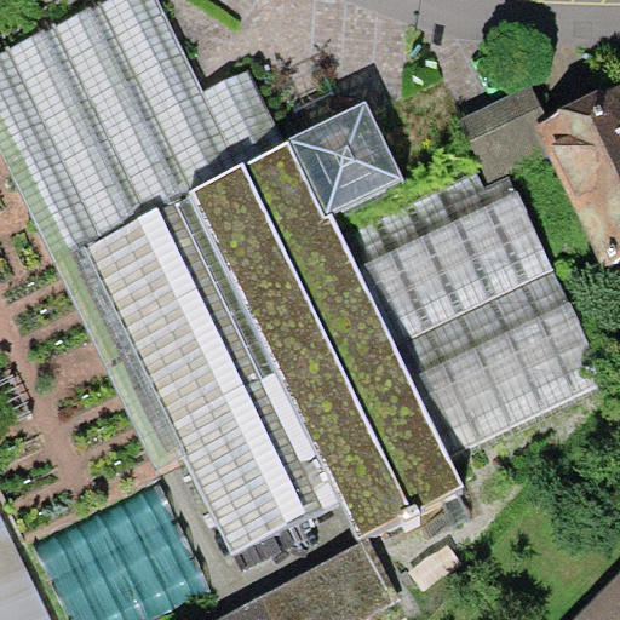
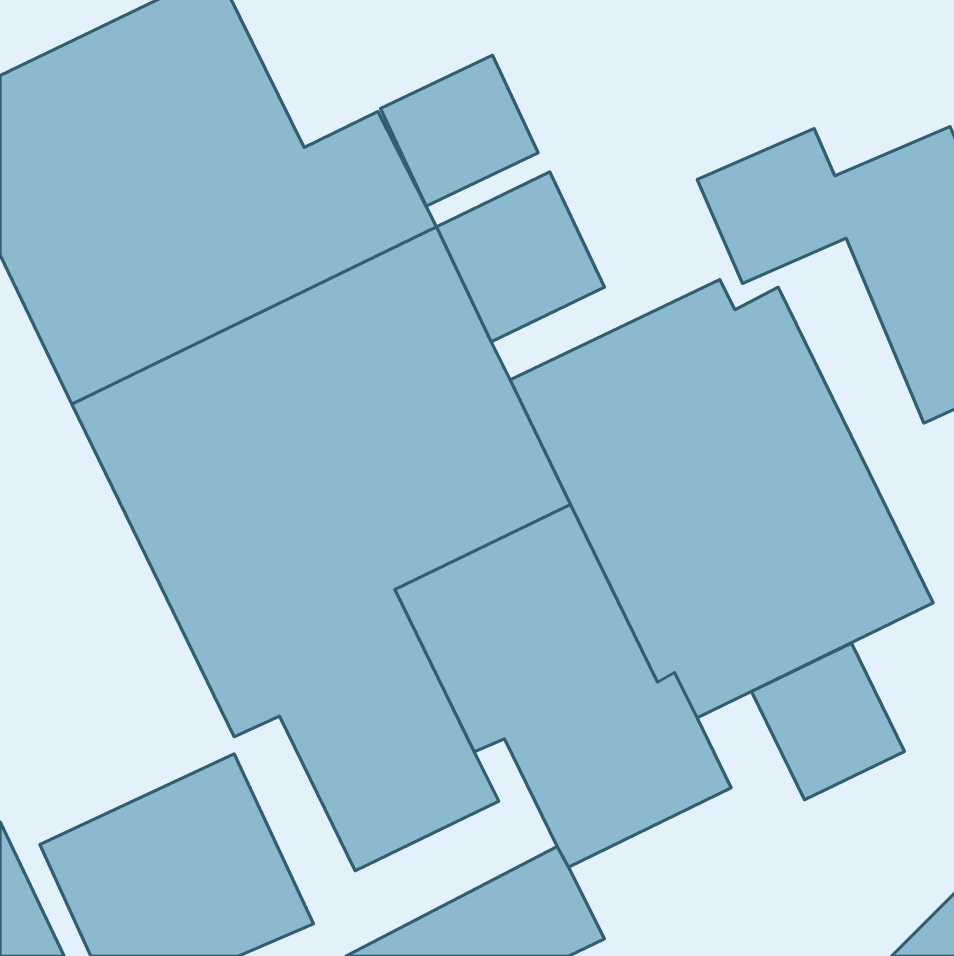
building: none -> [380,55,538,206]
building: none -> [751,643,905,800]

